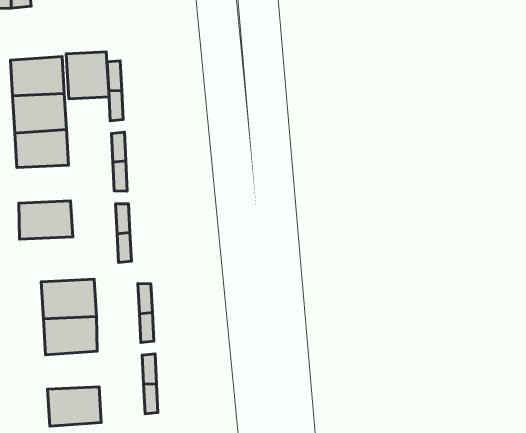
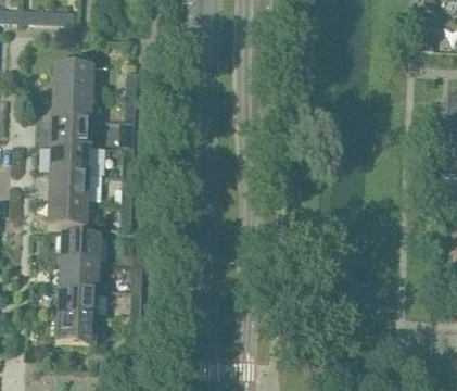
building: [66,52,109,99] -> none
building: none -> [50,143,90,173]
building: none -> [47,198,88,227]
building: none -> [58,287,98,315]

